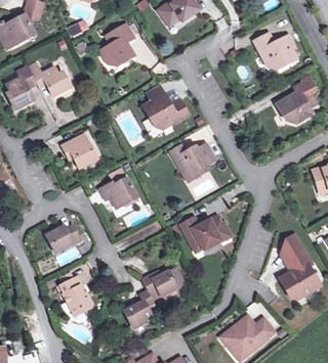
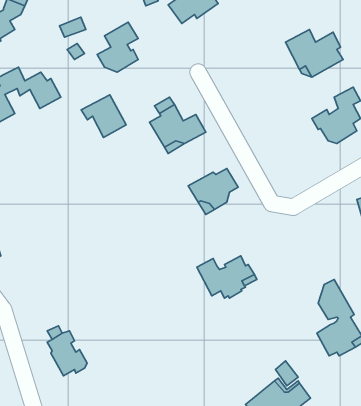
building: [59,132,96,167] -> [81,95,126,137]
building: [98,176,136,207] -> none
building: [44,223,78,253] -> none
building: [122,266,181,327] -> none

